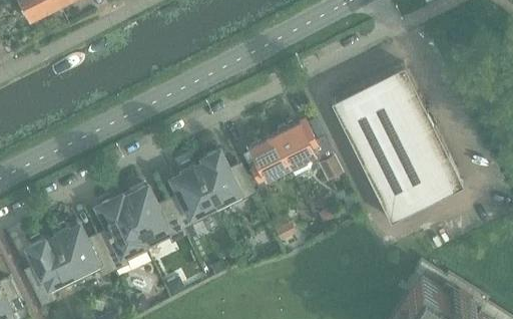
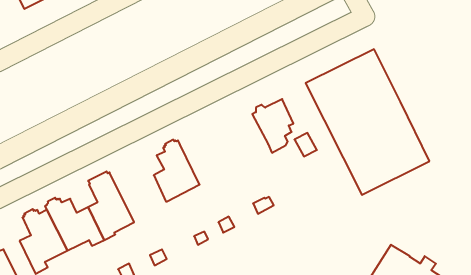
building: [247,134,290,183] -> none
building: [195,150,253,210] -> none
building: [120,186,184,250] -> none

